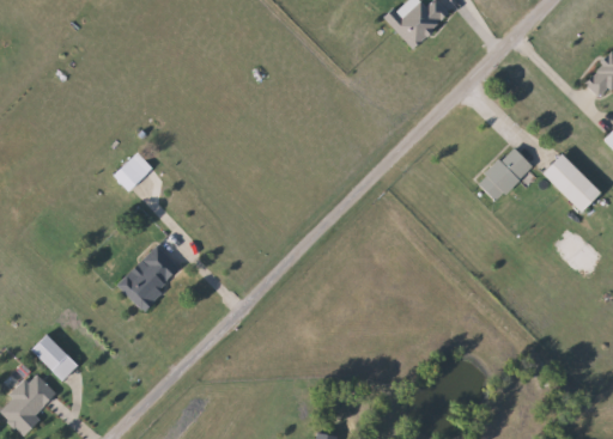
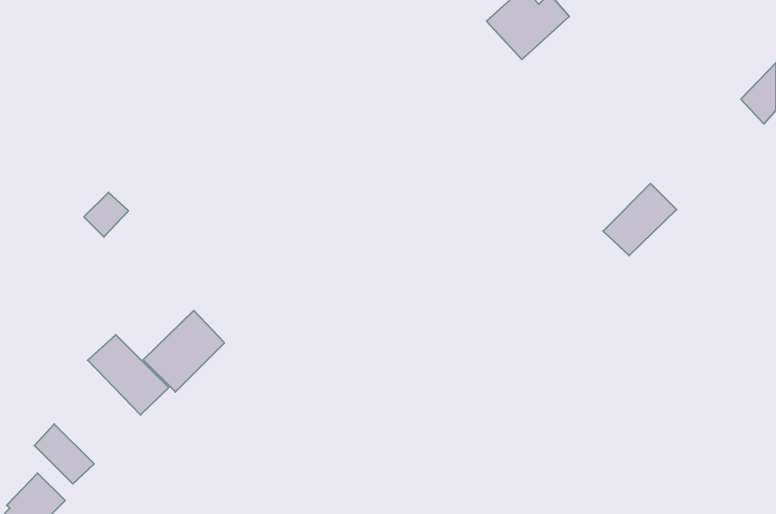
building: [544,154,602,212] -> none
building: [111,158,146,193] -> [84,192,128,237]
building: none -> [88,335,169,415]

